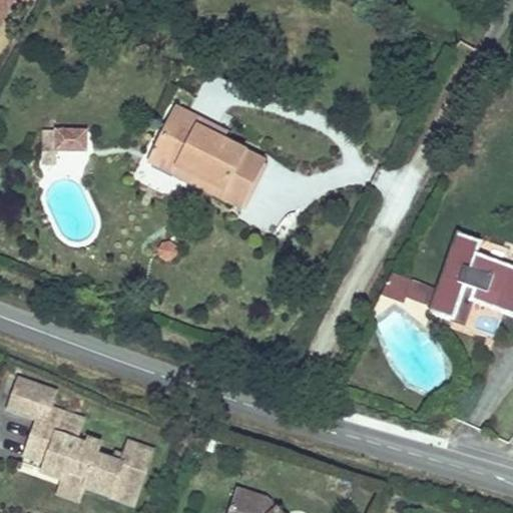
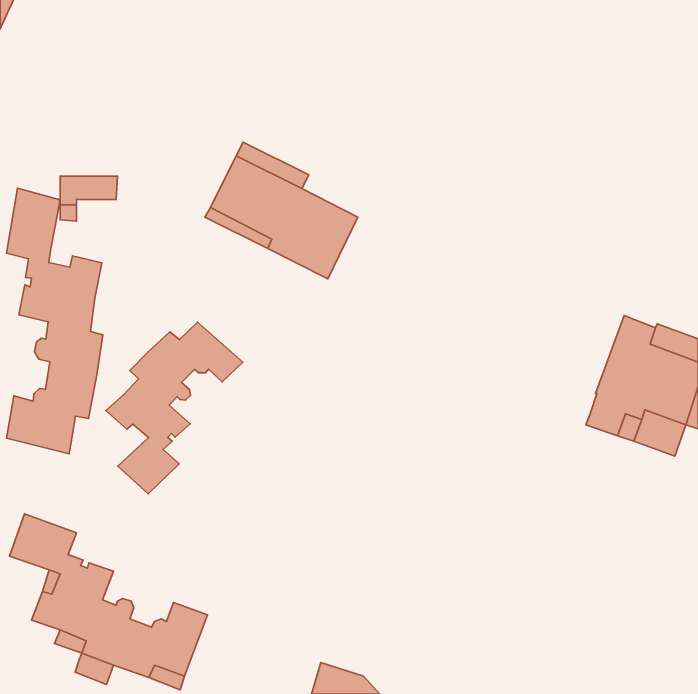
building: none -> [6,188,103,454]
building: none -> [106,322,243,494]
building: [381,272,438,304] -> none

